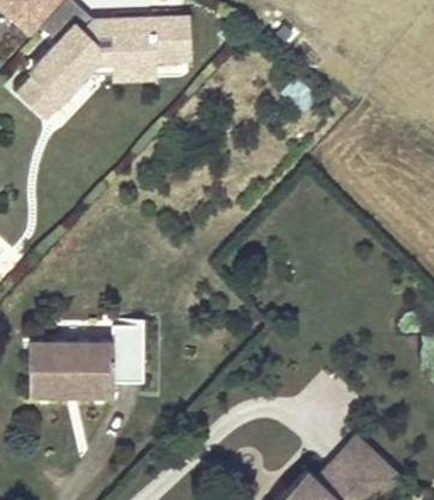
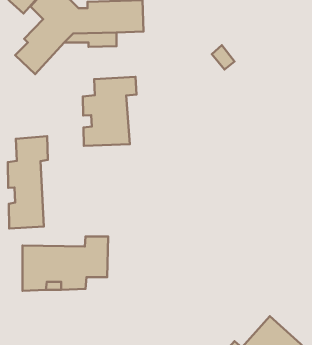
building: none -> [83,77,136,146]
building: none -> [8,136,48,228]

